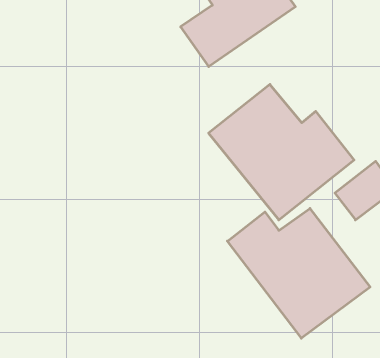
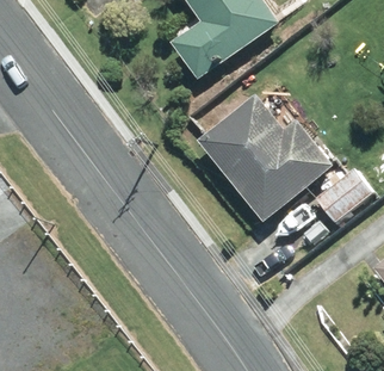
building: [227,208,370,338] -> none

